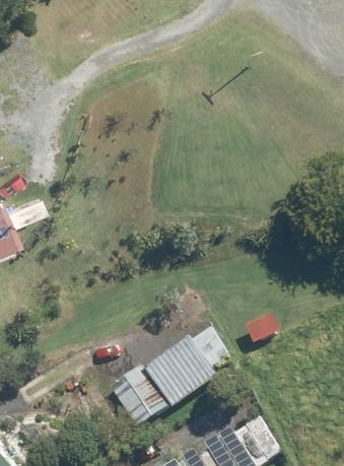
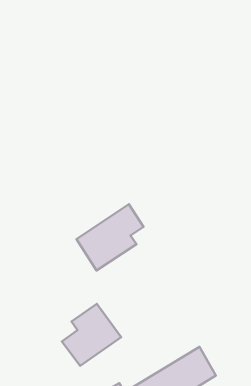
building: [147,329,225,406] -> [76,204,144,270]

